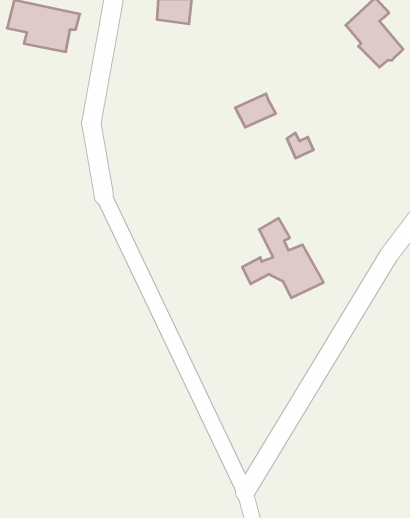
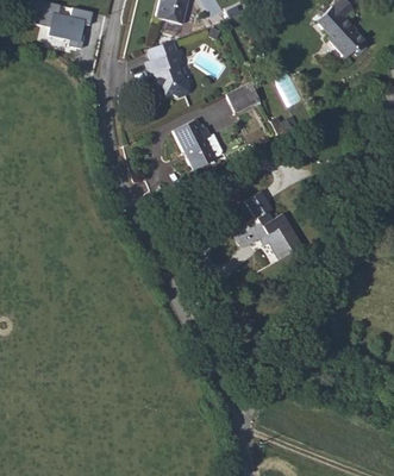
building: none -> [148,37,187,93]
building: none -> [171,115,220,165]

